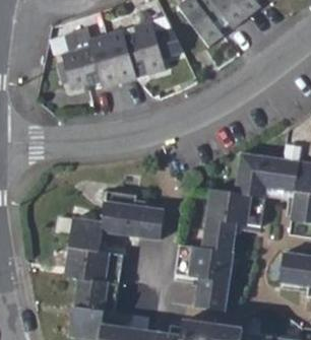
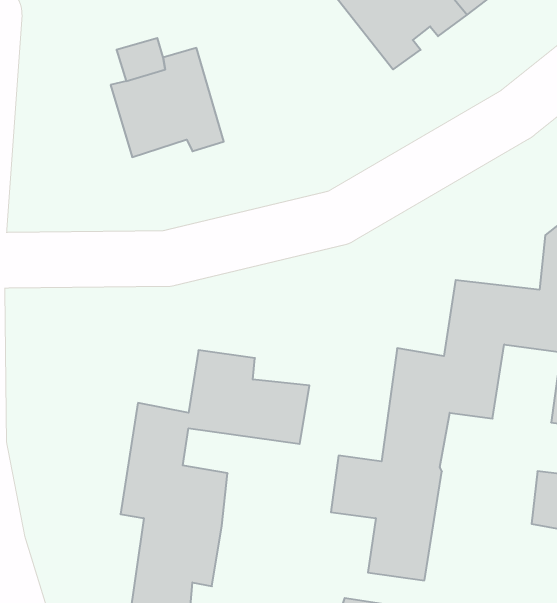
building: [105,20,182,82] -> none

